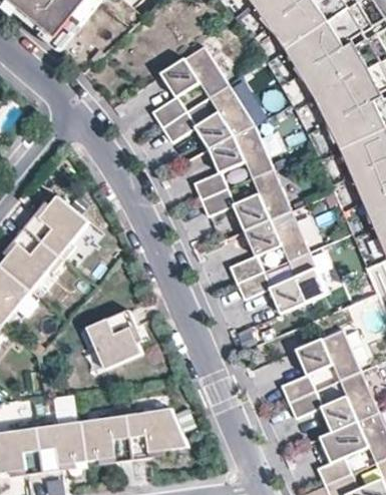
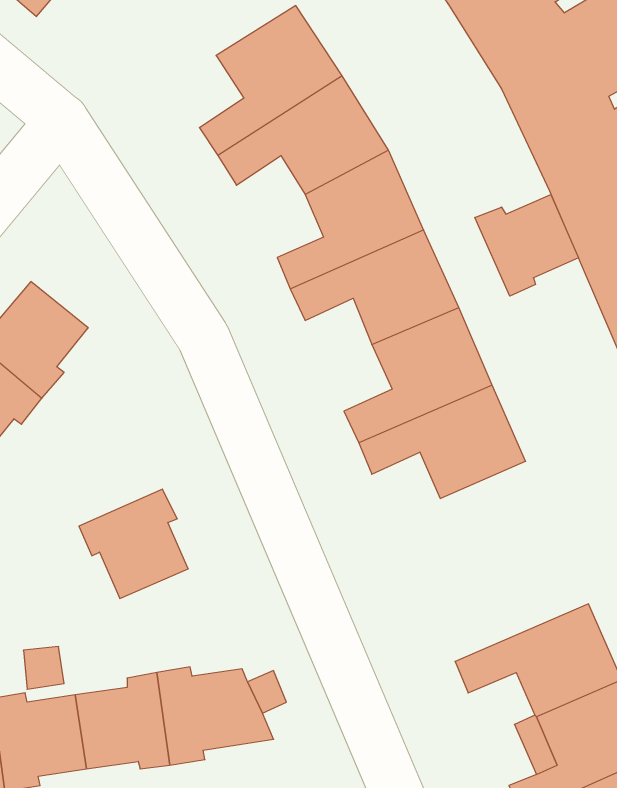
building: none -> [475,194,578,296]
building: [280,328,359,401] -> none

